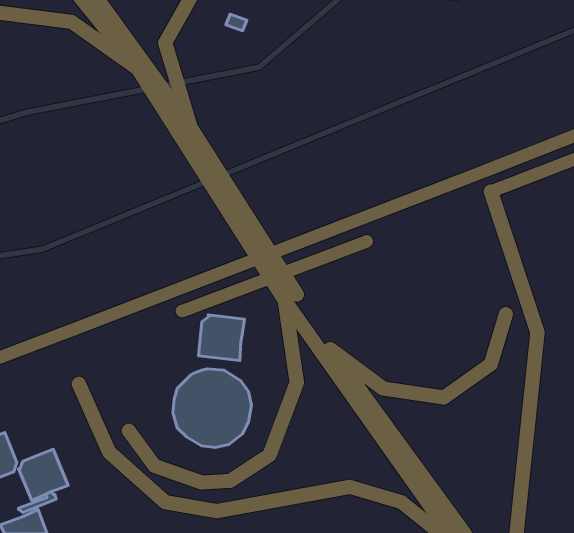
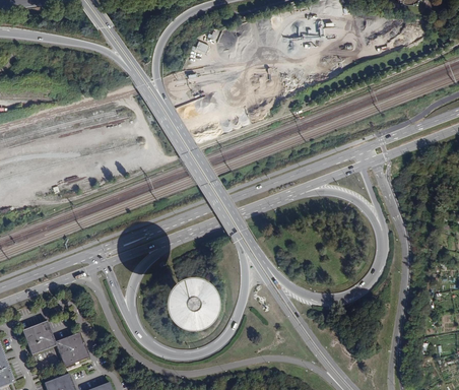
building: [199,315,244,360] -> none

